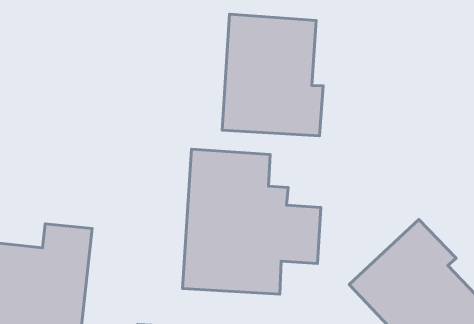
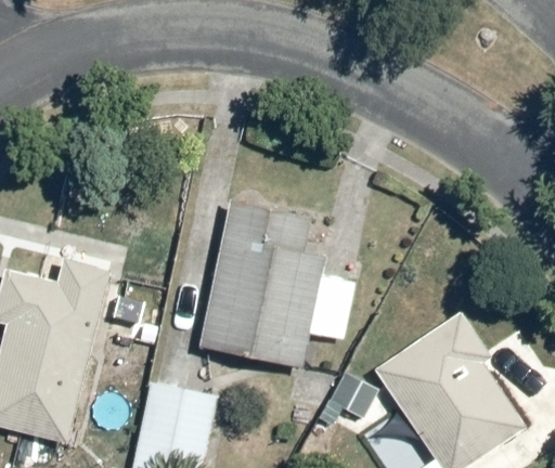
building: [222,14,323,136] -> none

